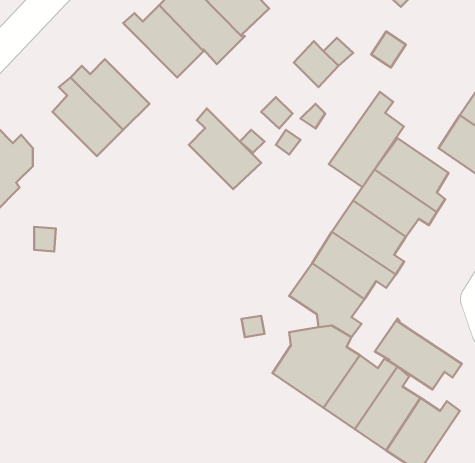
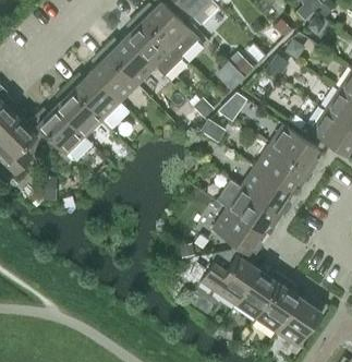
building: [329,92,404,187] -> none
building: [189,109,261,189] -> [89,49,137,102]
building: none -> [31,108,84,156]
building: [375,318,462,389] -> none

